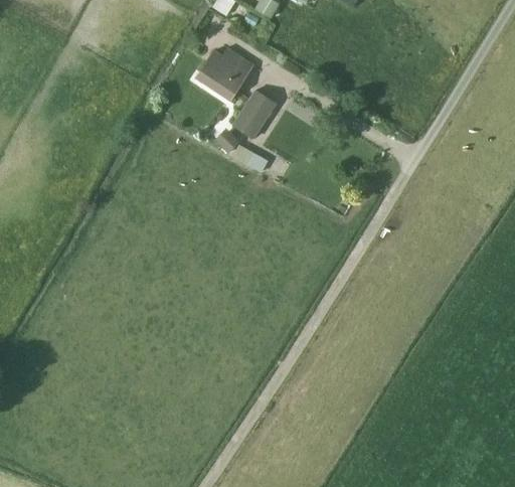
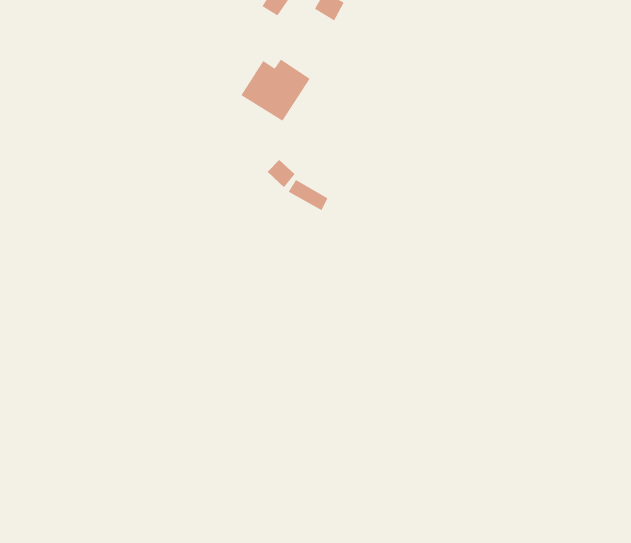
building: [233,90,278,139] -> none

